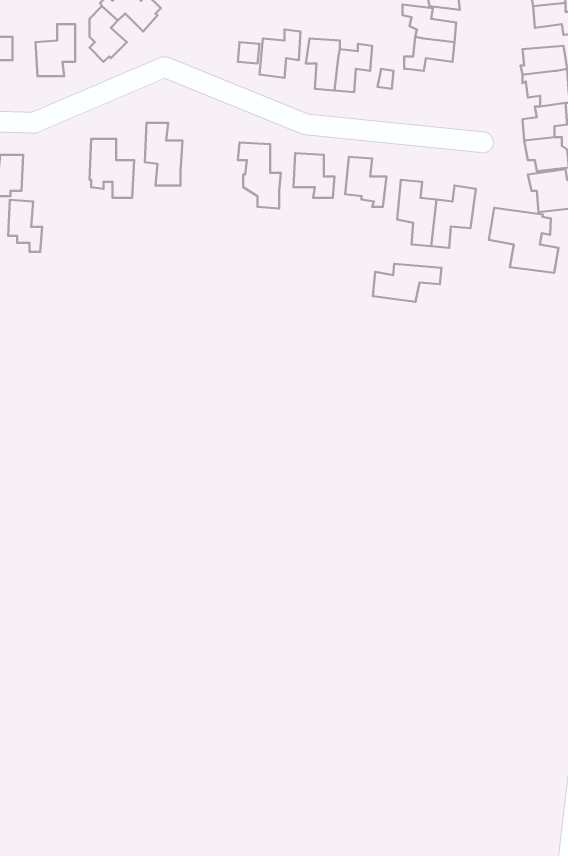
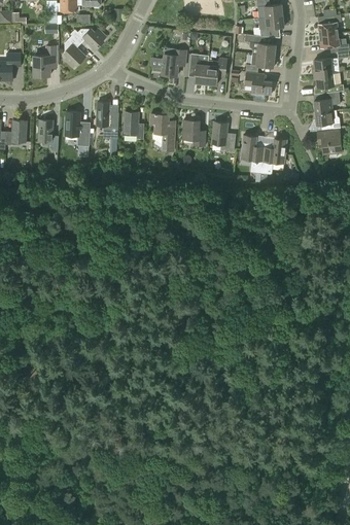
building: none -> [244,71,272,95]
building: none -> [124,111,143,138]
building: [8,200,42,252] -> [38,119,58,149]
building: [489,208,559,273] -> none
building: [373,264,441,302] -> none

